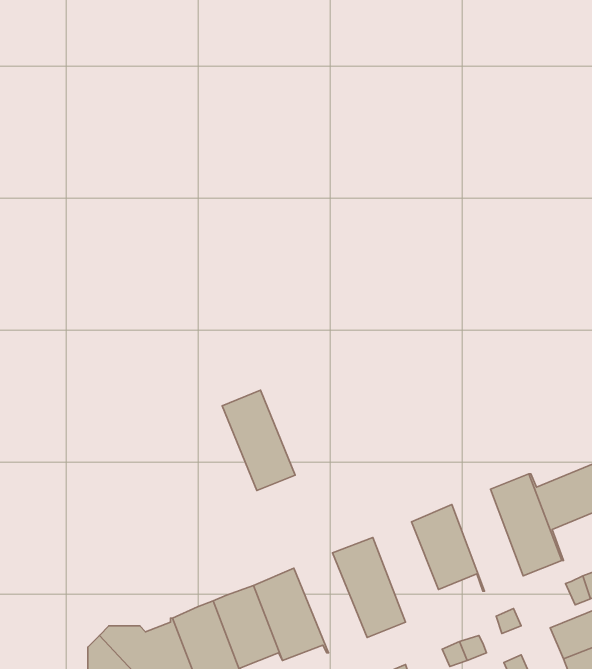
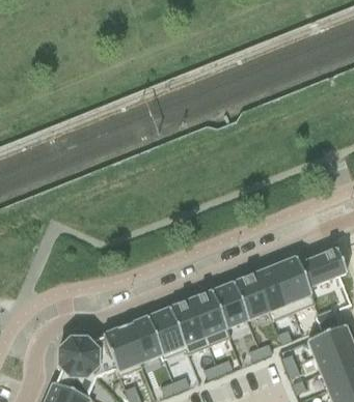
building: [222,390,295,490] -> [169,299,209,353]
building: none -> [254,265,293,320]
building: none -> [212,283,247,337]

